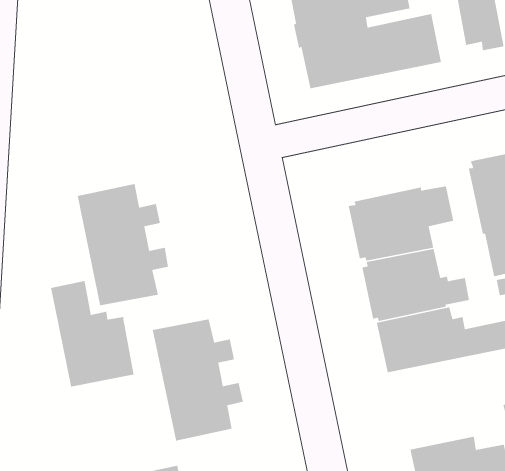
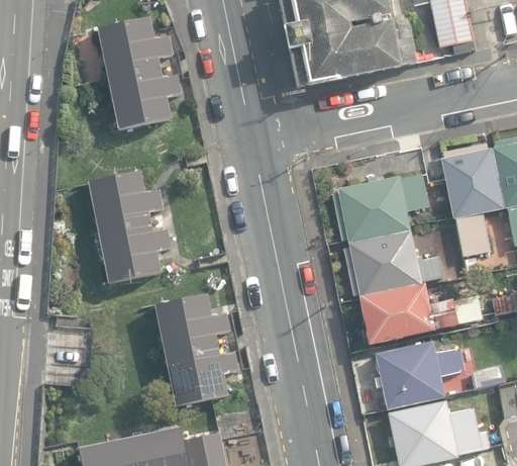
building: none -> [98,18,182,128]
building: [50,280,135,387] -> none
building: none -> [374,341,466,408]

